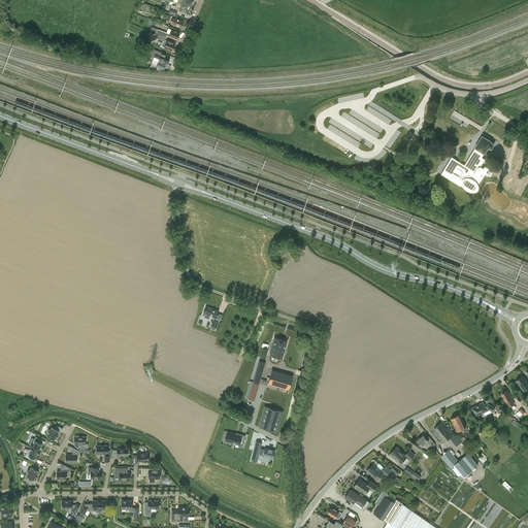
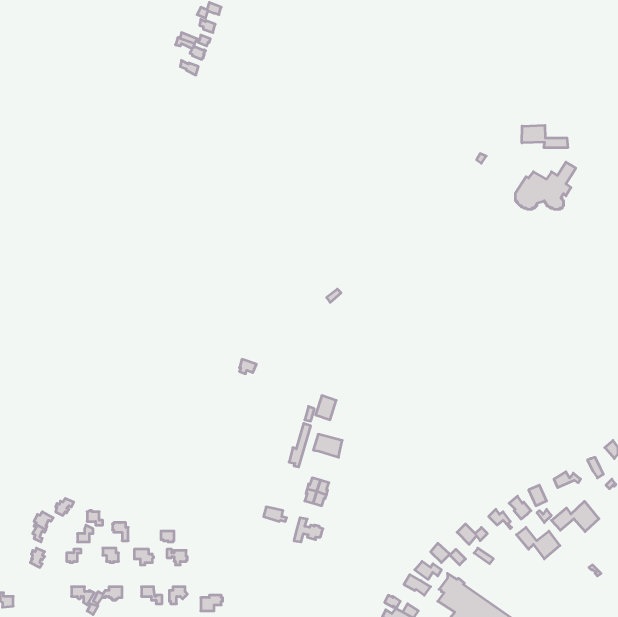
building: none -> [522,125,568,148]
building: none -> [551,501,599,532]

